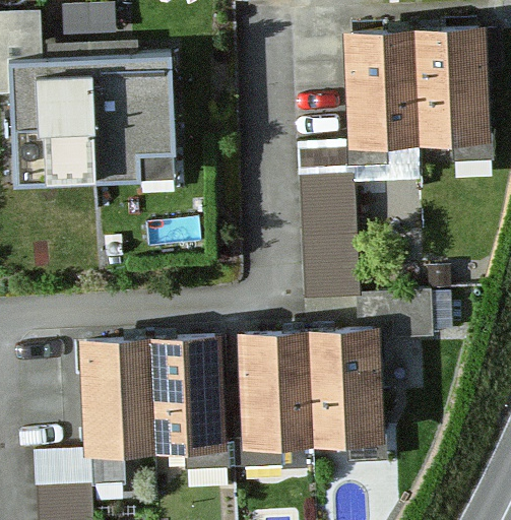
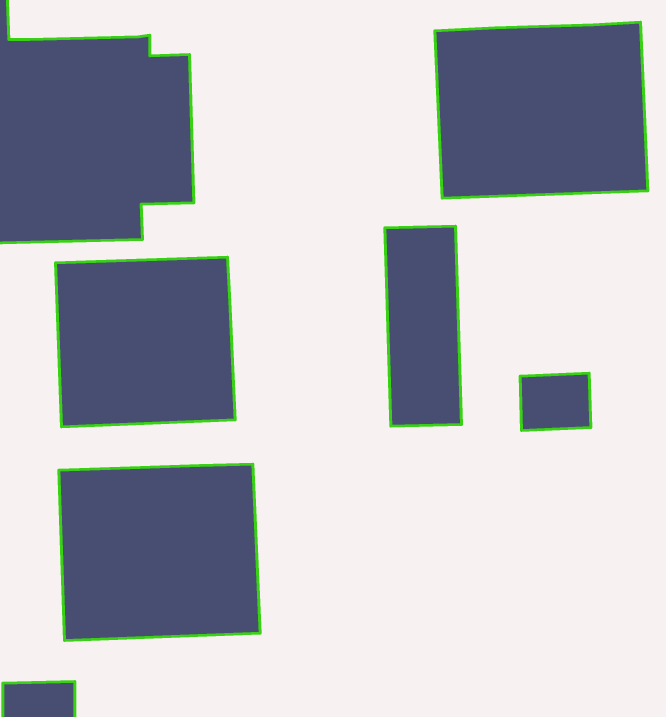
building: none -> [55,257,235,427]
building: [237,329,382,460] -> none

